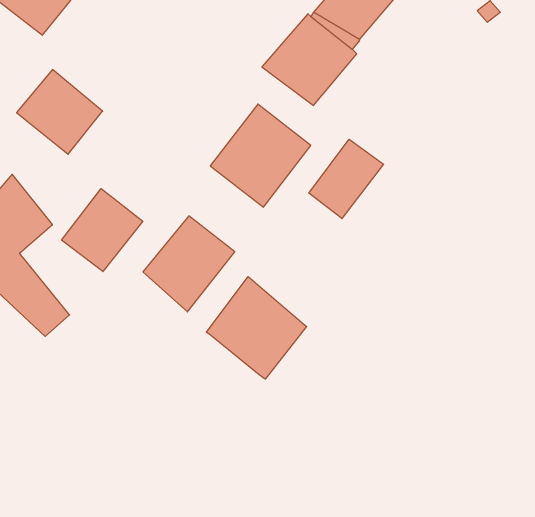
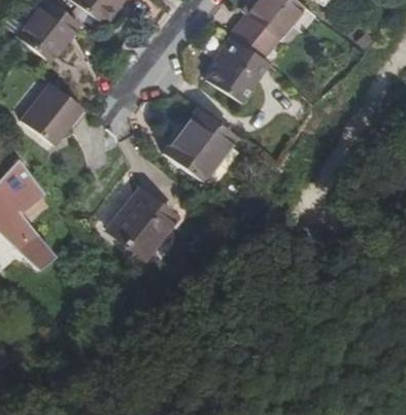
building: [309,139,384,219] -> none
building: [62,189,143,272] -> none
building: [206,277,307,379] -> none

